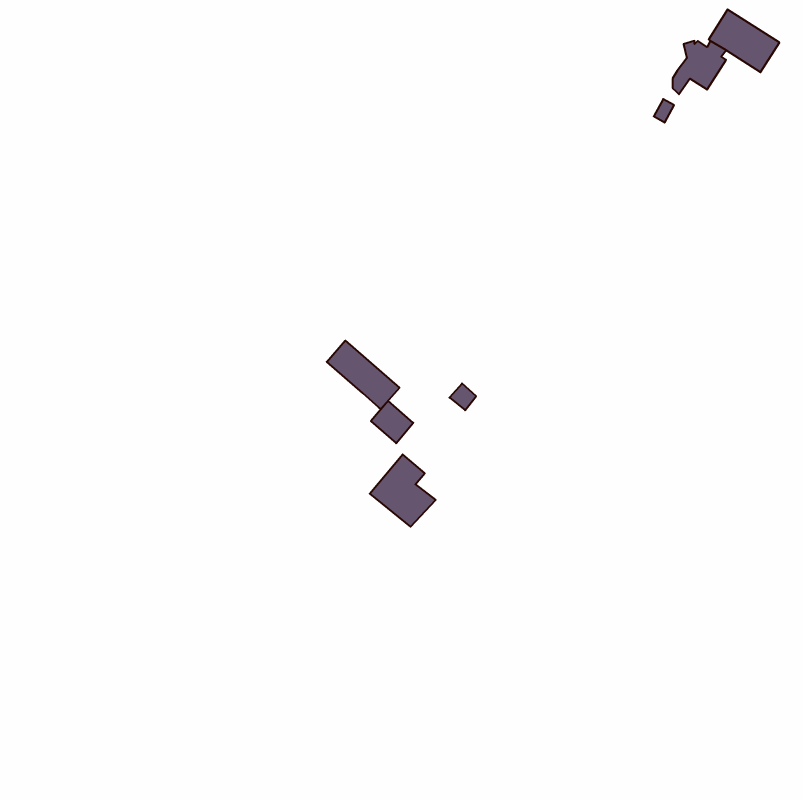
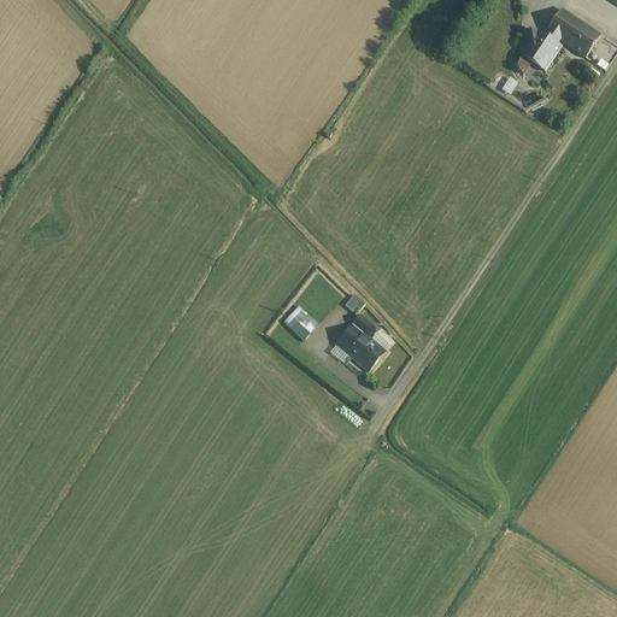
building: [327,341,399,409] -> none
building: [370,454,436,527] -> [336,316,387,371]

